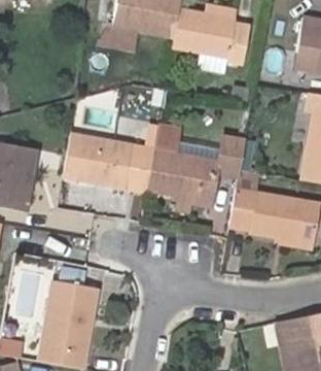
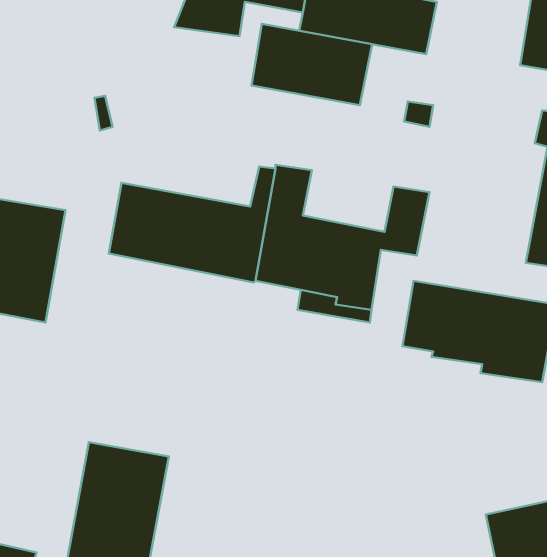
building: none -> [252,24,372,105]

